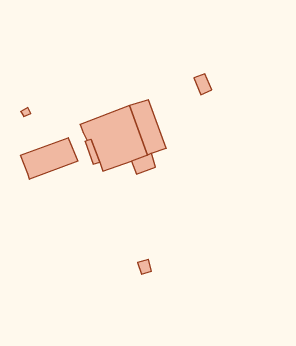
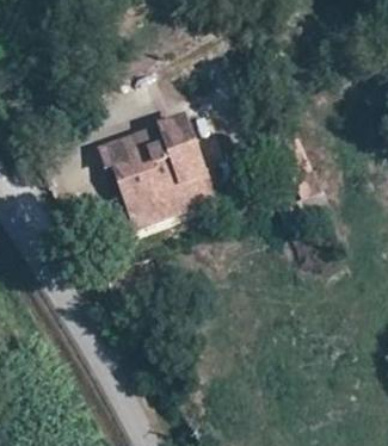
building: [21,138,78,179] -> none

